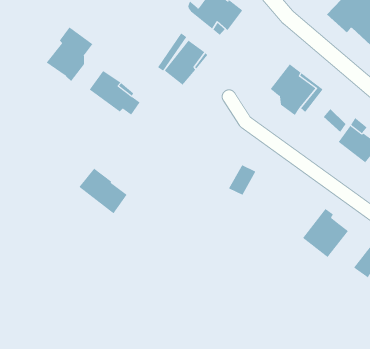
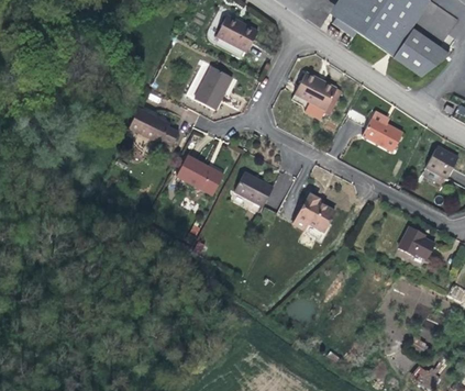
building: [46,26,93,82] -> none
building: none -> [233,171,273,204]
building: [79,168,128,214] -> [175,154,221,193]
building: [302,208,349,258] -> [292,193,334,238]

